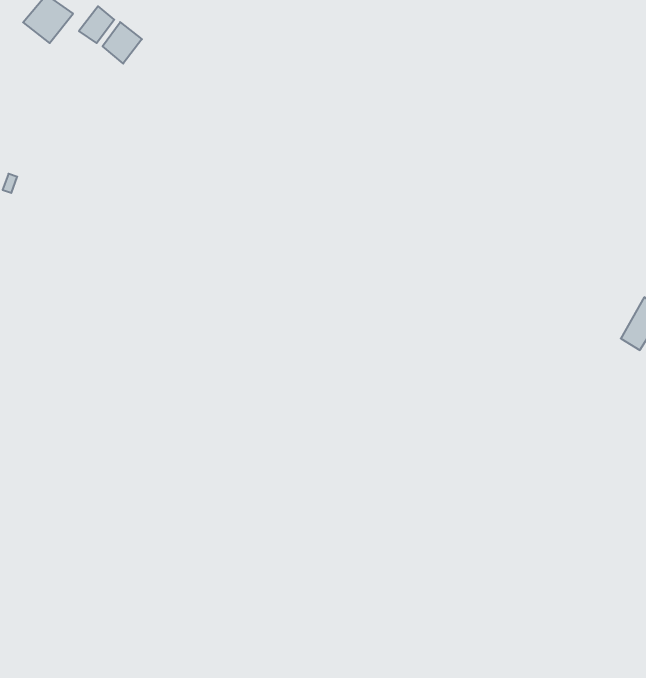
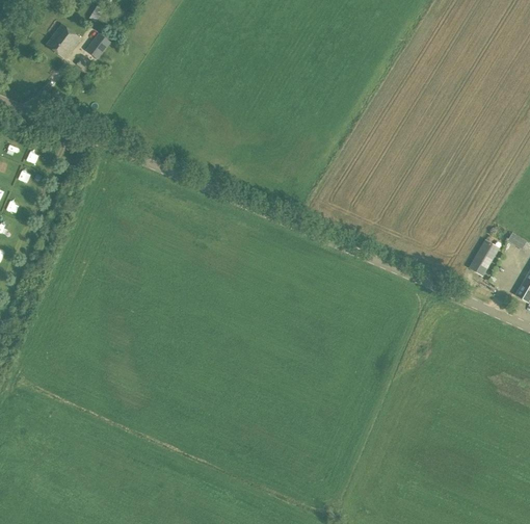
building: [103,22,142,64] -> none

